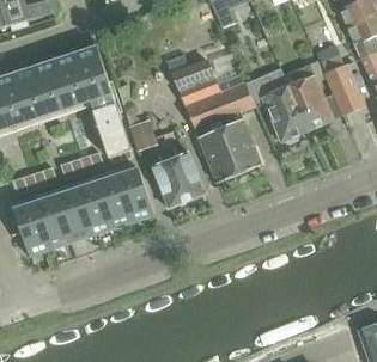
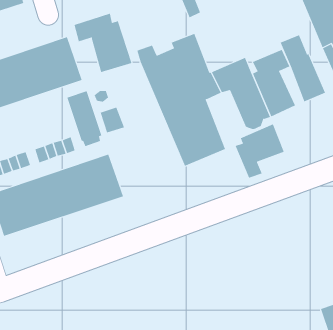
building: none -> [74,13,132,73]
building: none -> [235,124,285,179]
building: [150,148,205,207] -> none

